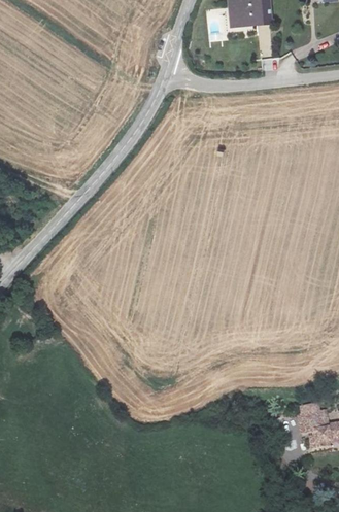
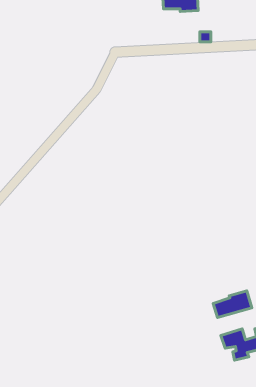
building: none -> [213,291,252,318]

